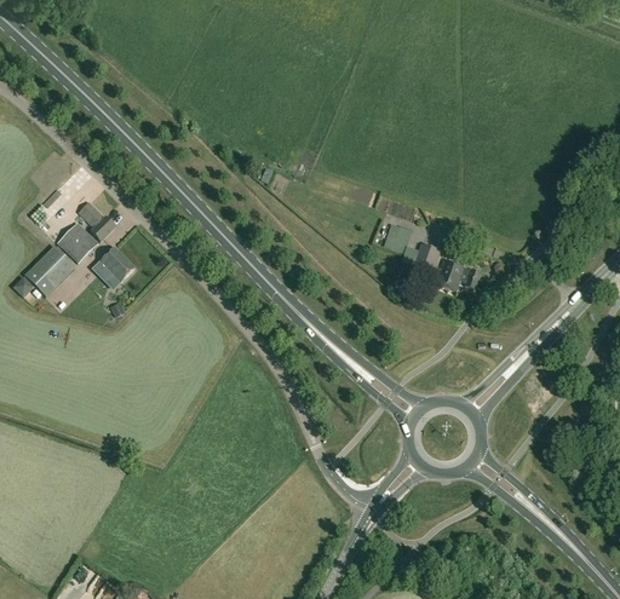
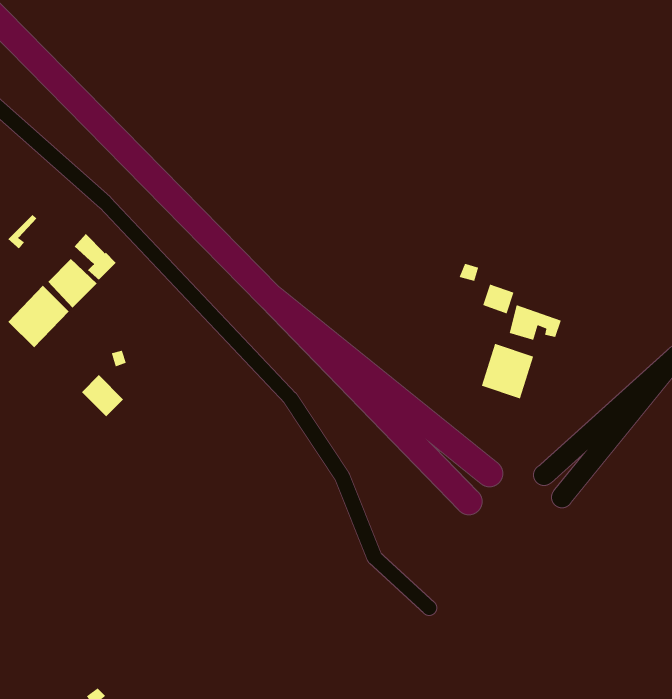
building: [98,248,133,283] -> [81,374,124,417]
building: none -> [481,343,534,399]

